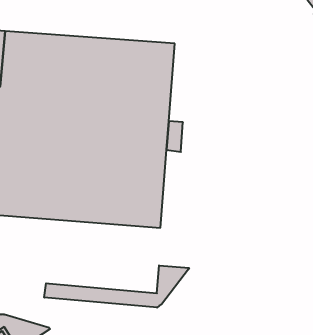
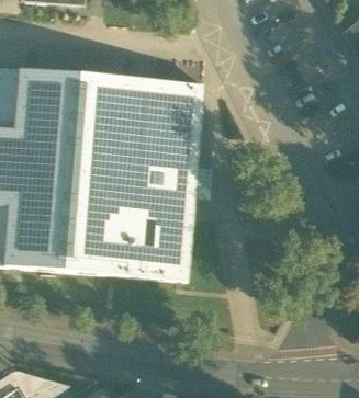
building: [44,265,189,308] -> none

